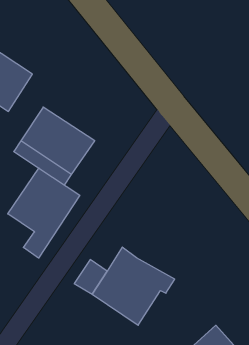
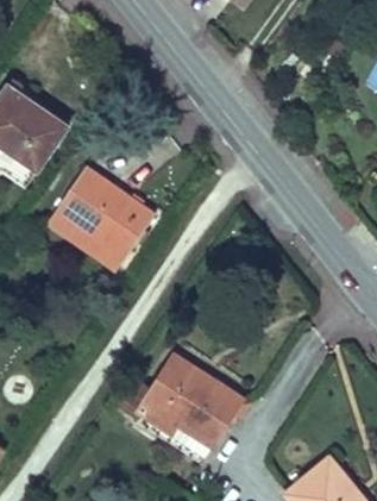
building: [8,168,80,258] -> none

